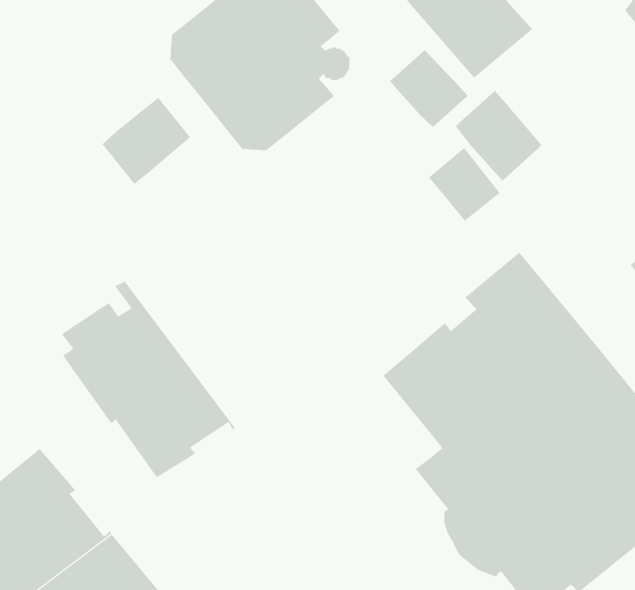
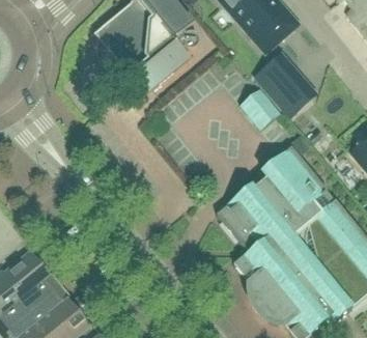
building: [389,49,469,128] -> none
building: [102,97,191,185] -> none
building: [61,281,235,478] -> none

